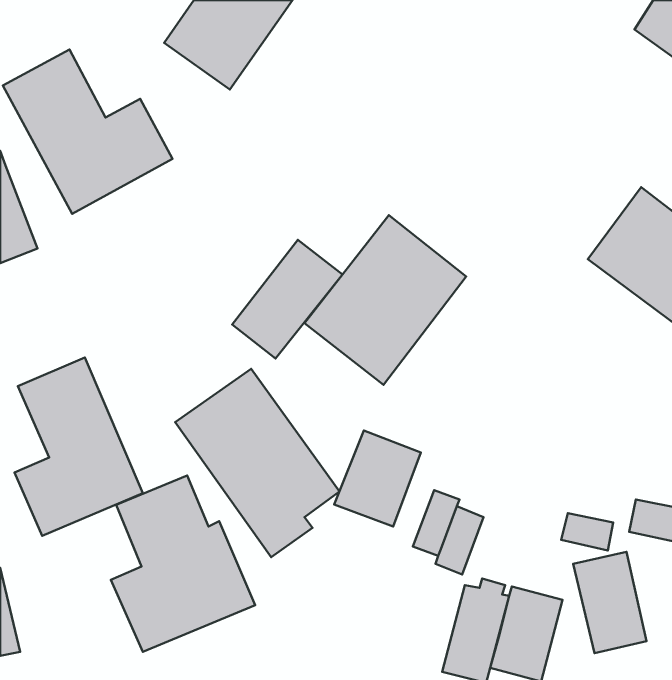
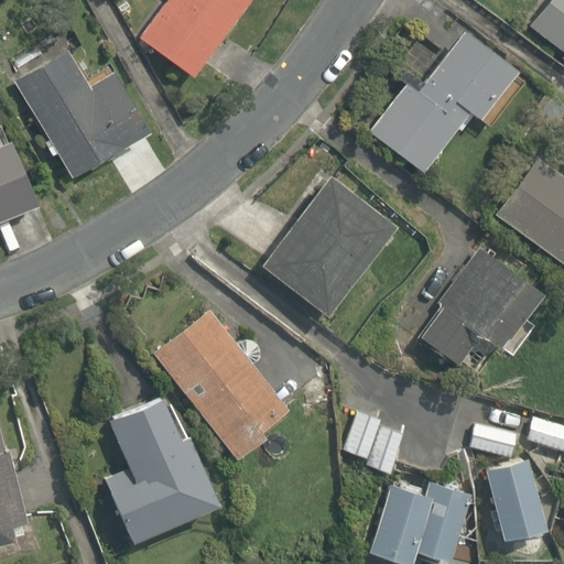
building: none -> [369,24,523,173]
building: [232,240,342,359] -> none
building: none -> [419,246,543,375]
building: [15,357,143,536] -> none
building: [334,431,421,527] -> none

